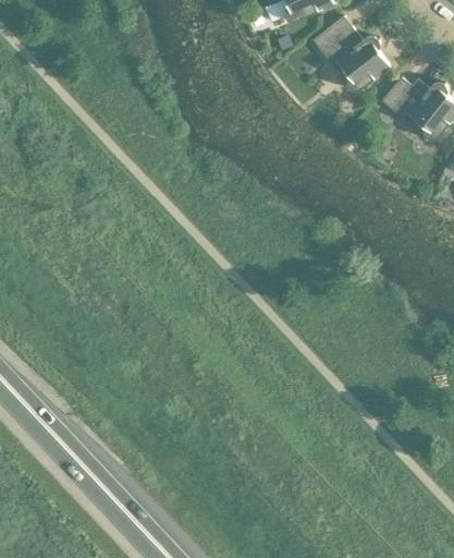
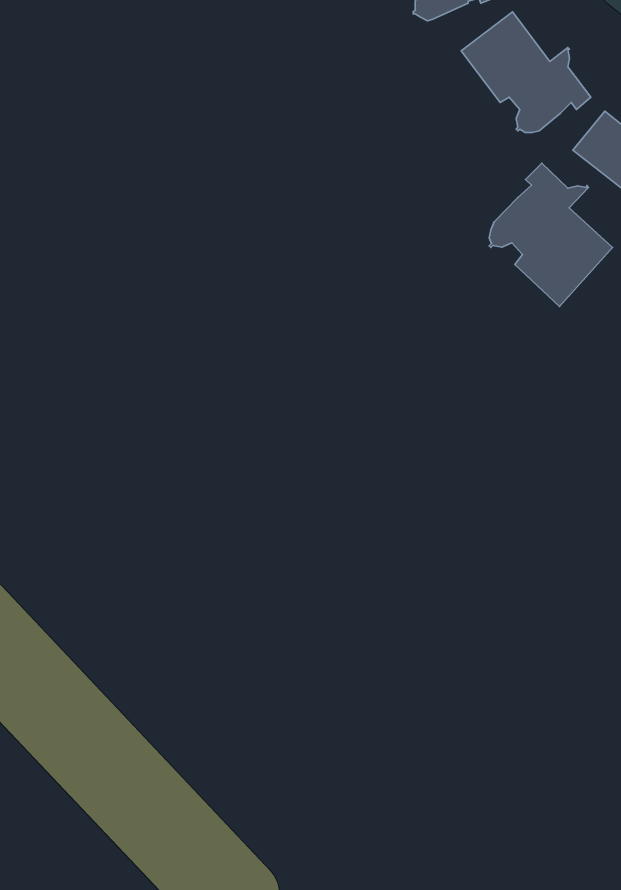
building: none -> [489,163,613,306]

